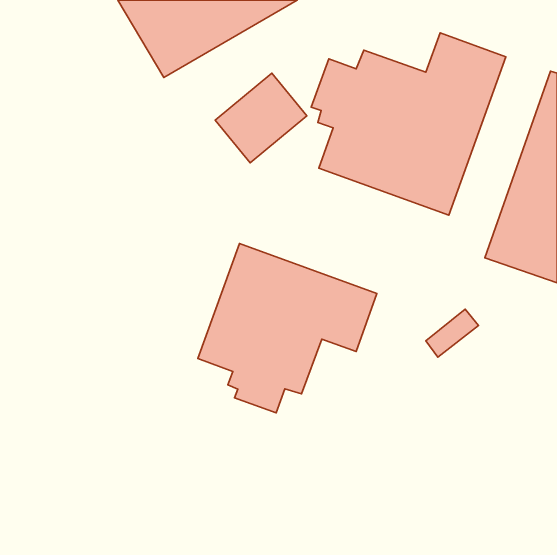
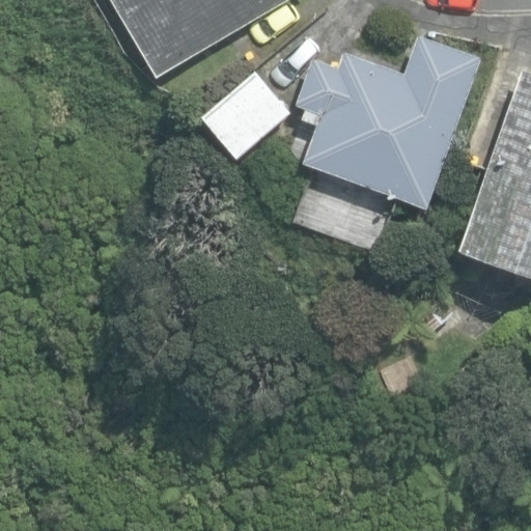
building: [198,244,377,413] -> none

